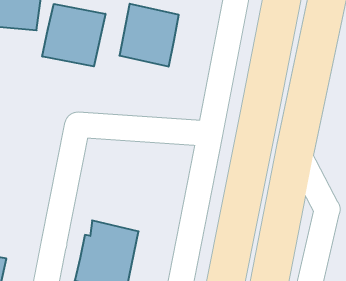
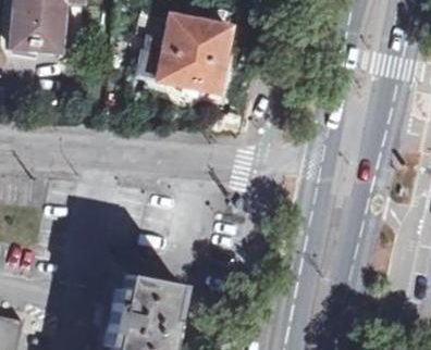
building: [42,4,105,66] -> none

